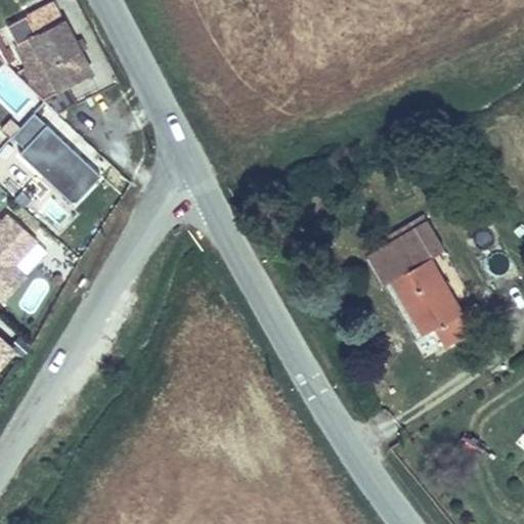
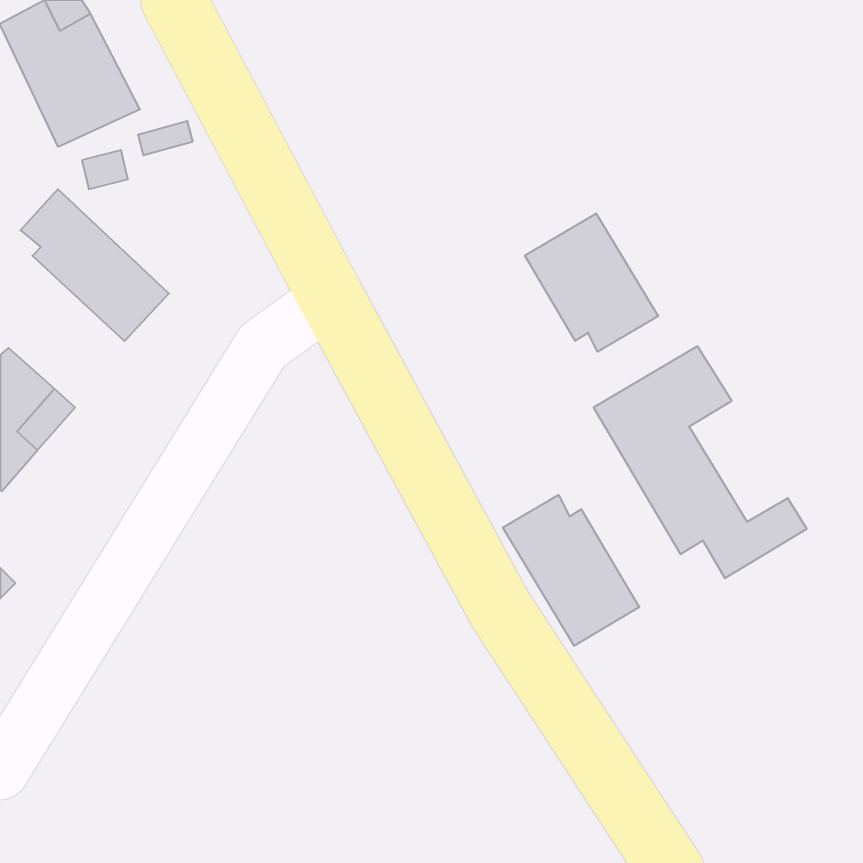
building: none -> [525,213,658,352]
building: none -> [503,495,639,646]

